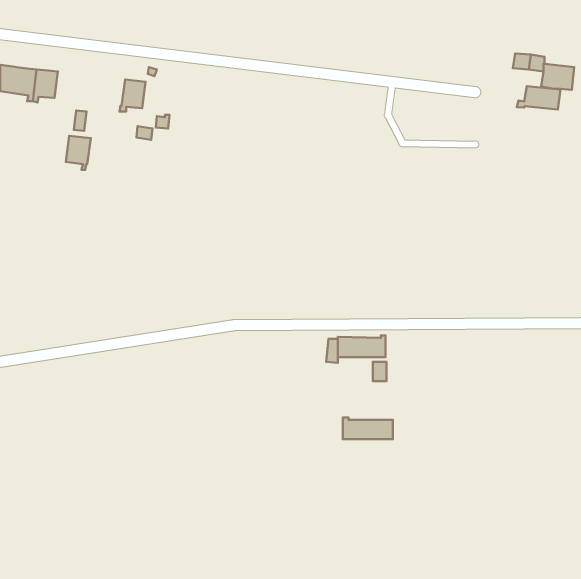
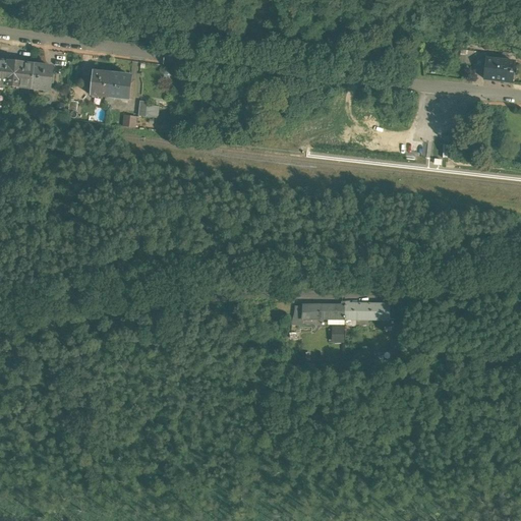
building: [517,86,560,110] -> none
building: [66,136,91,170] -> [90,69,112,100]
building: [343,418,393,439] -> [345,300,390,320]

